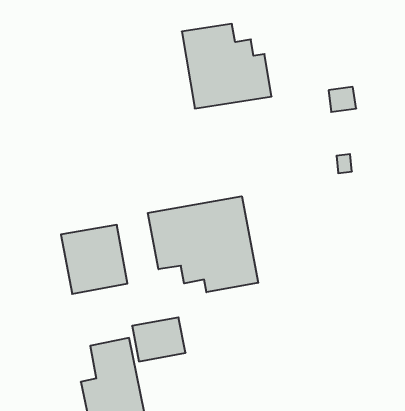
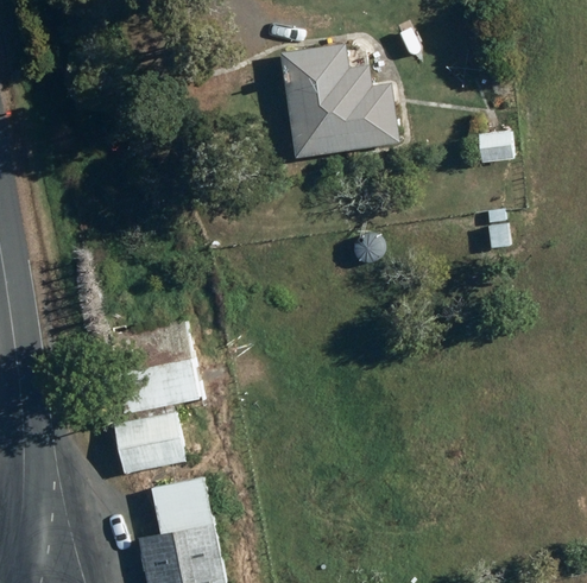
building: [148,196,258,292] -> none
building: [132,317,186,361] -> [114,413,188,474]

